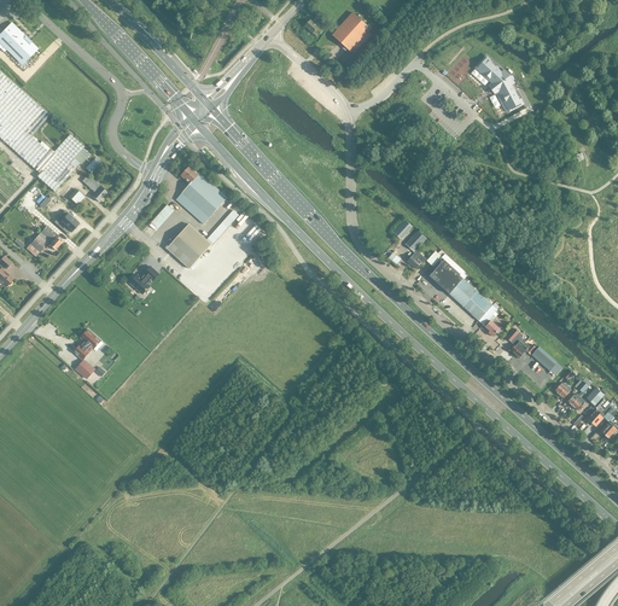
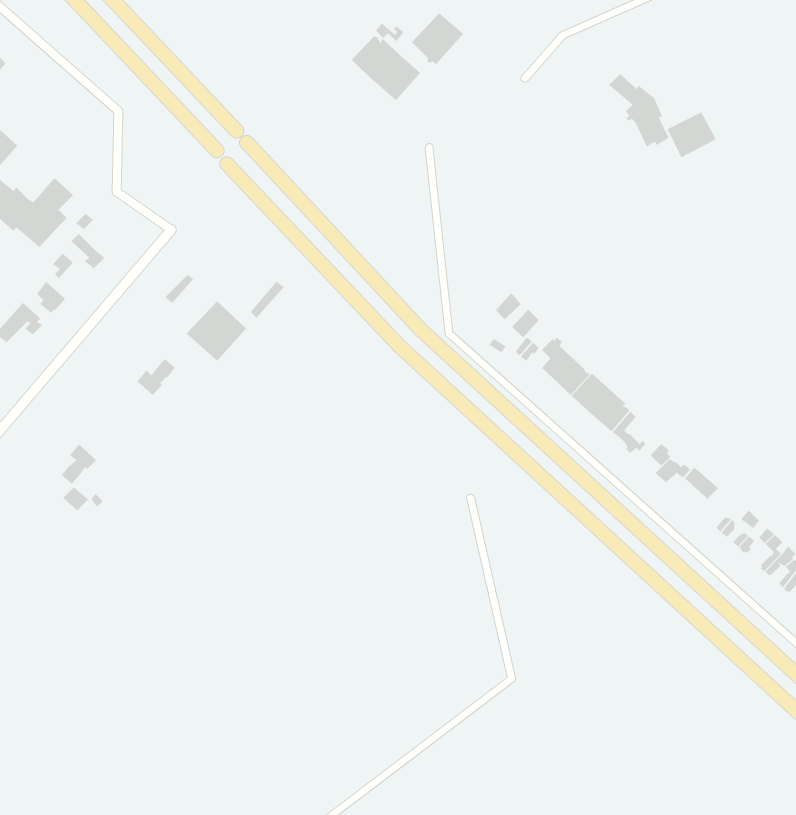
building: none -> [351,35,421,101]
building: none -> [667,112,716,158]
building: [175,165,226,223] -> none

